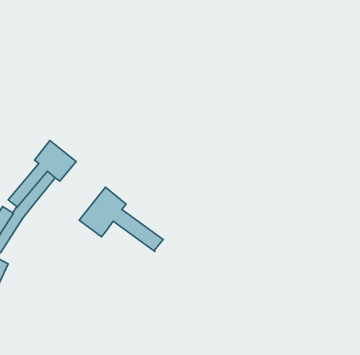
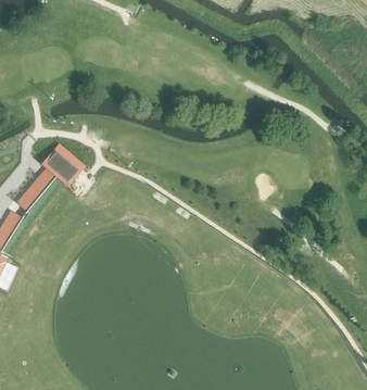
building: [79,187,163,252] -> none

